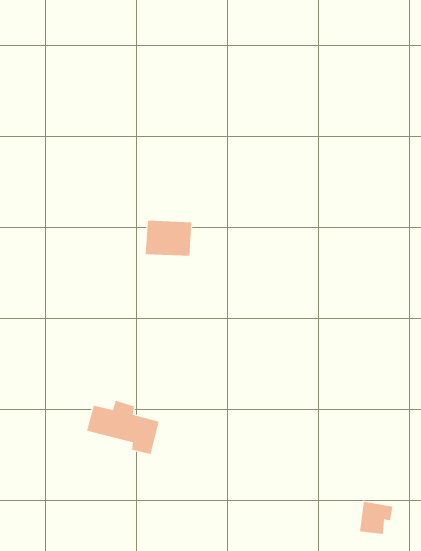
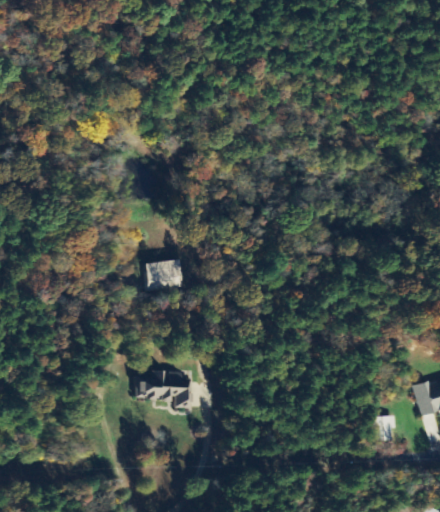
building: [145,220,192,256] -> [147,258,187,291]

